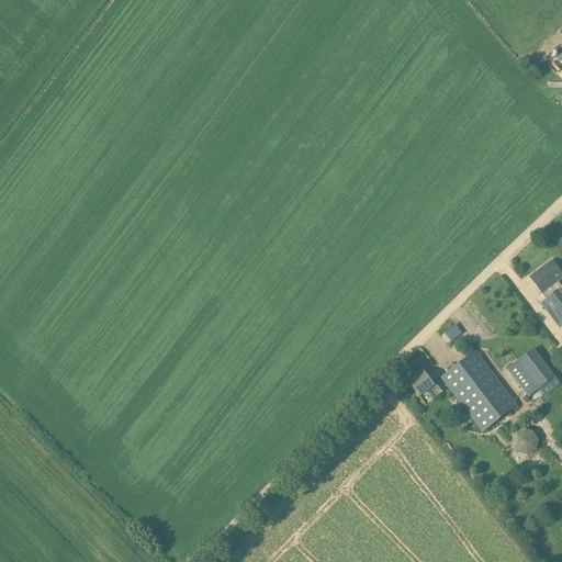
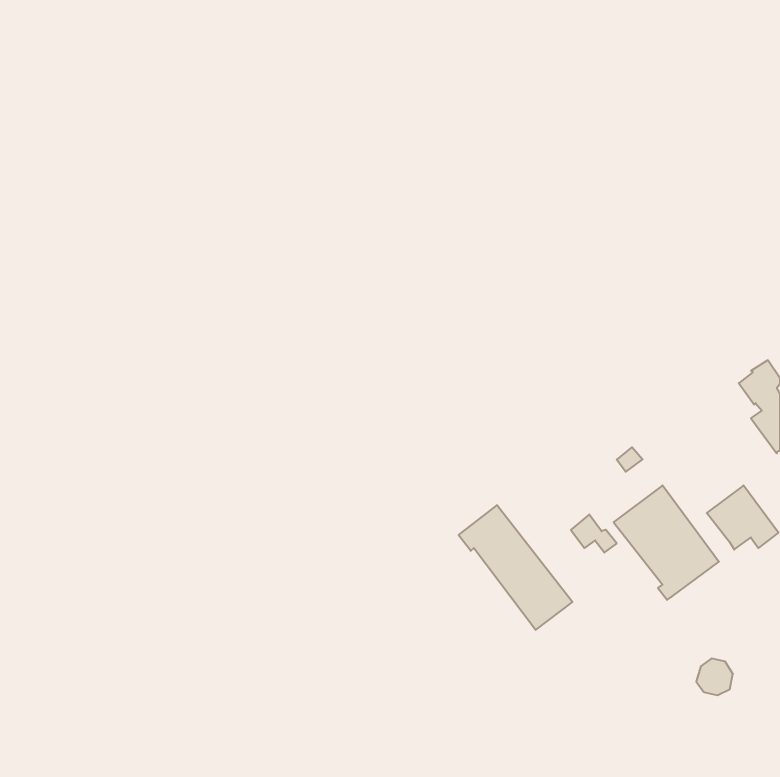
building: none -> [459,505,572,630]
building: [512,427,538,453] -> [696,658,733,695]

